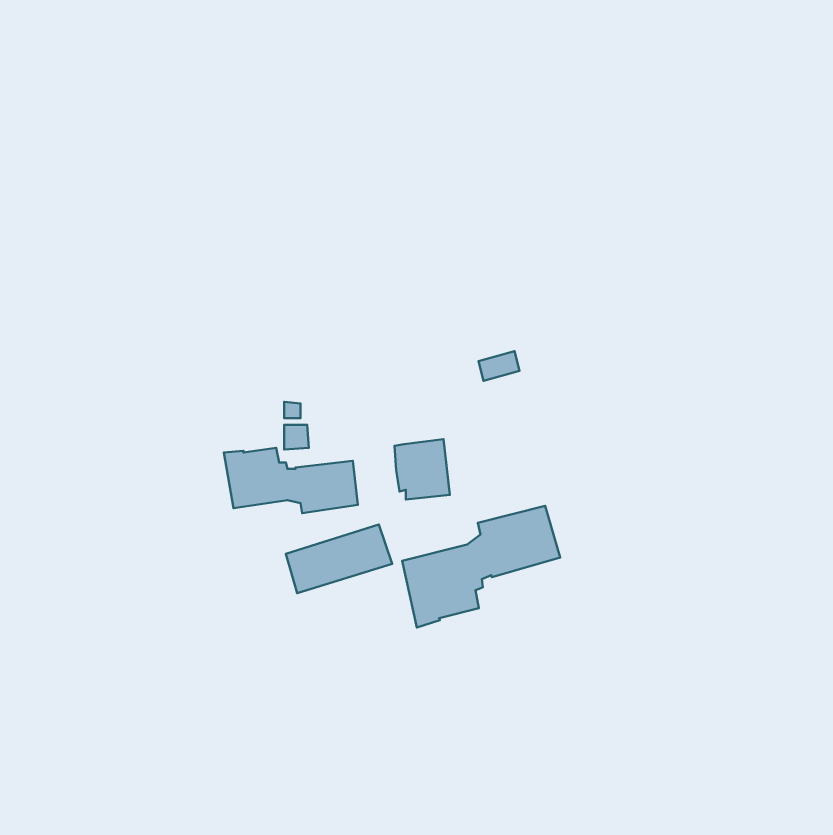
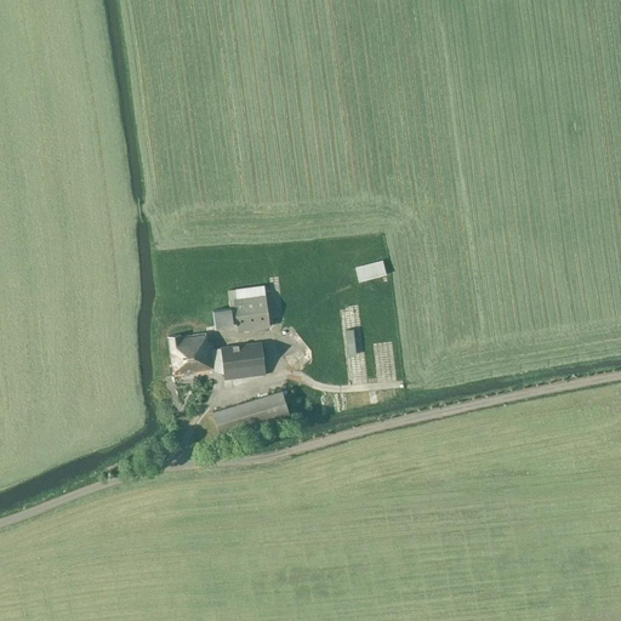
building: [394,439,450,500] -> [229,285,270,330]
building: [402,506,560,627] -> none

